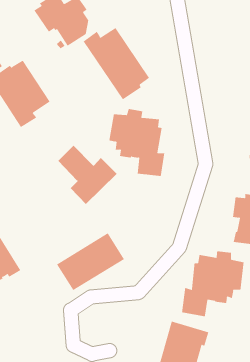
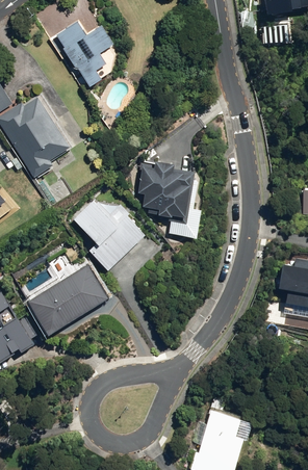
building: [83,27,150,100] -> none
building: [56,233,125,291] -> [29,263,110,332]
building: [181,251,244,317] -> none

